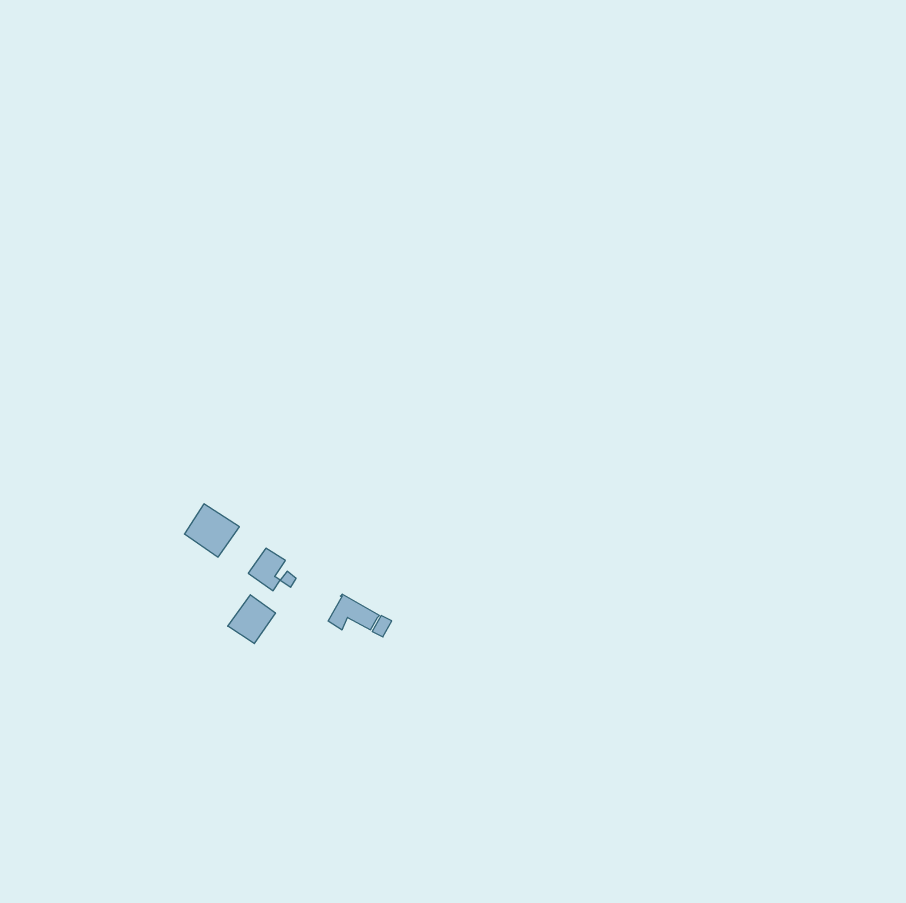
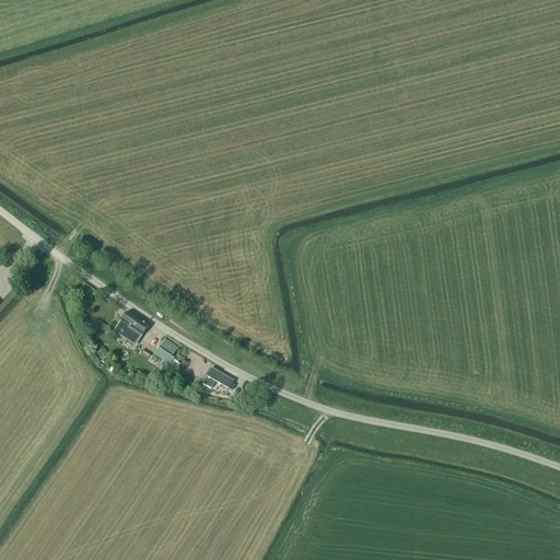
building: [228,595,275,644] -> none

